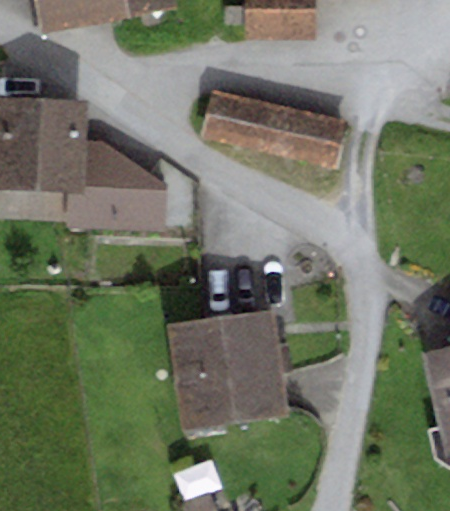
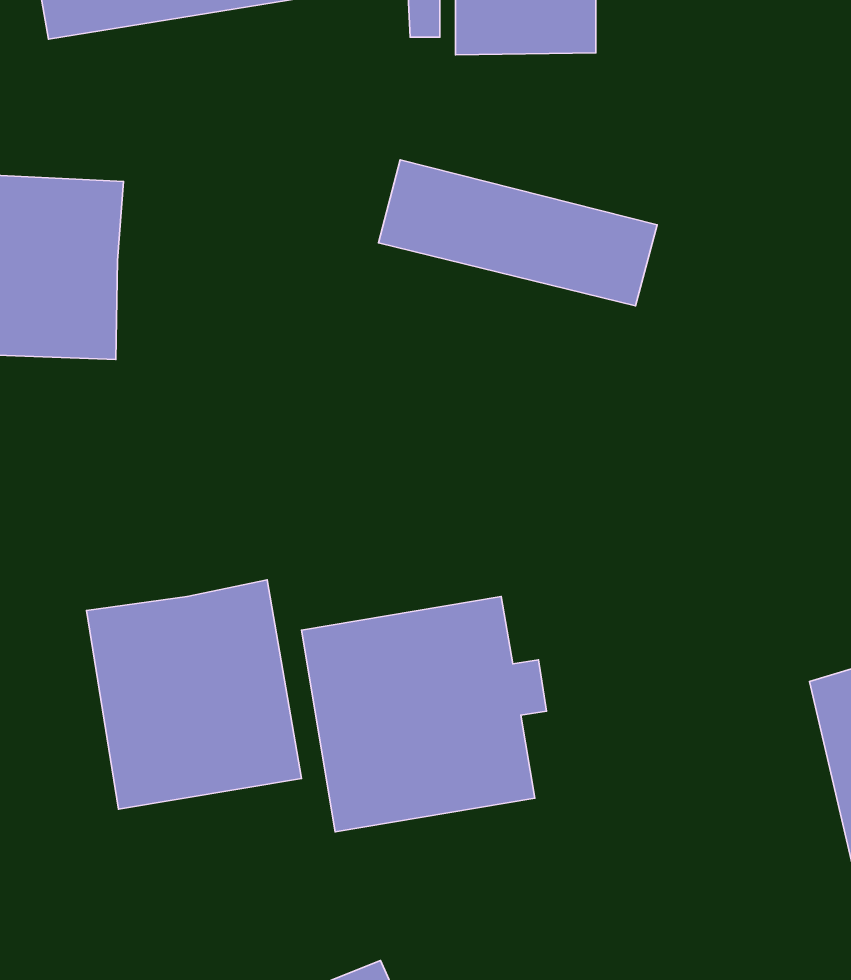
building: [73,140,166,232] -> none
building: none -> [86,580,301,809]

